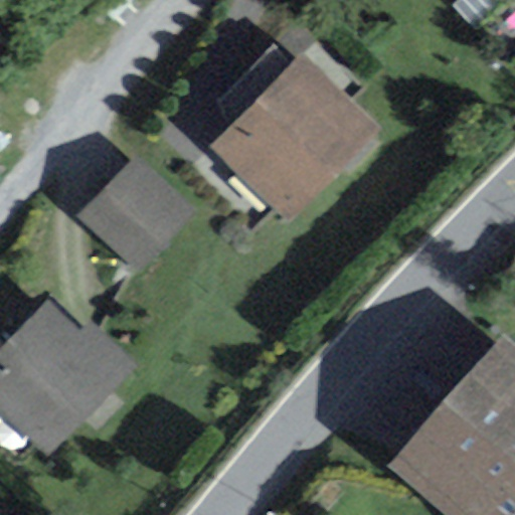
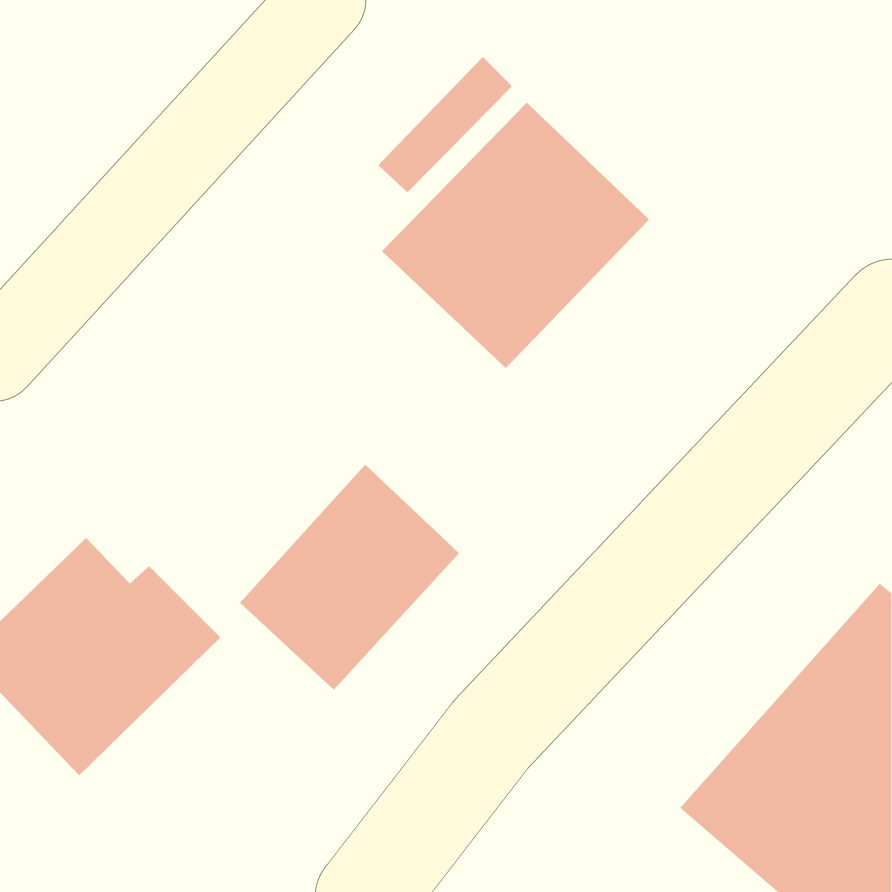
building: [84,157,198,271] -> none
building: none -> [239,464,460,690]

